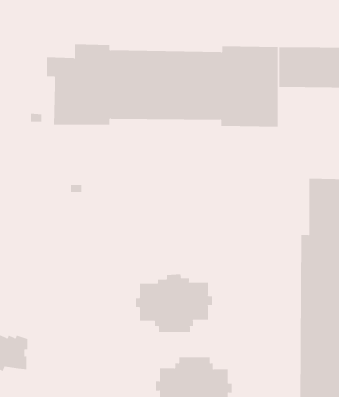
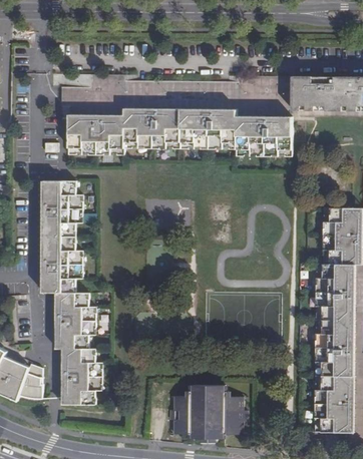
building: none -> [41,180,100,405]
building: [135,273,212,333] -> none

